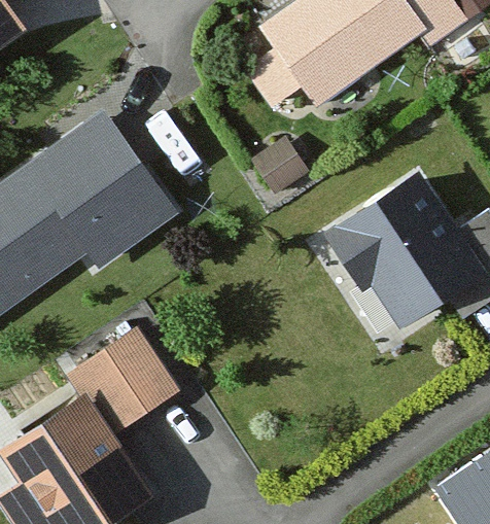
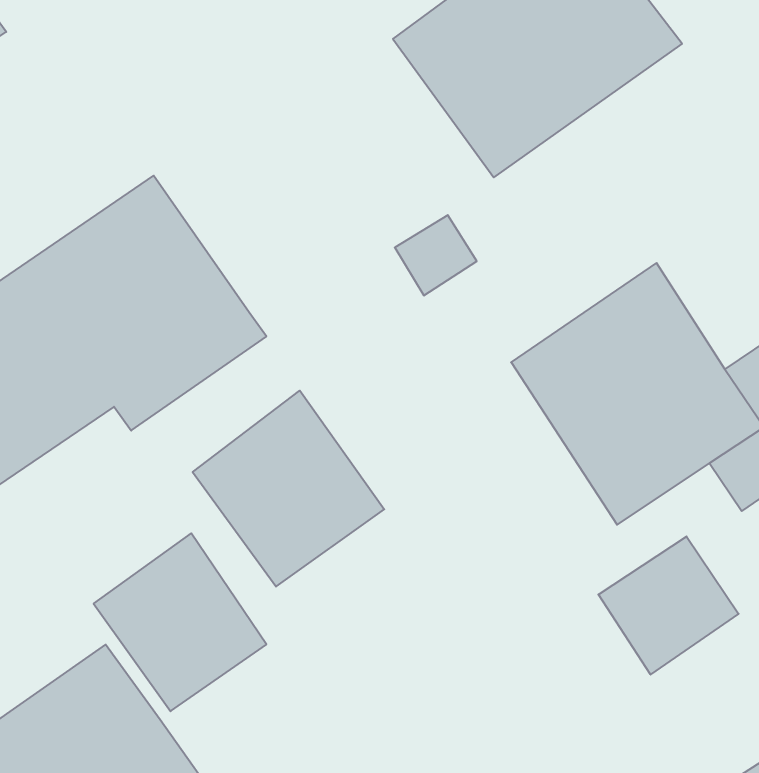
building: none -> [193,391,384,587]
building: none -> [598,536,739,675]

